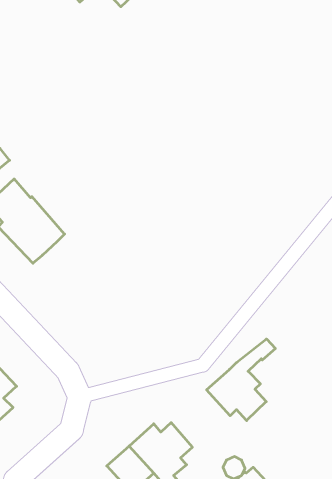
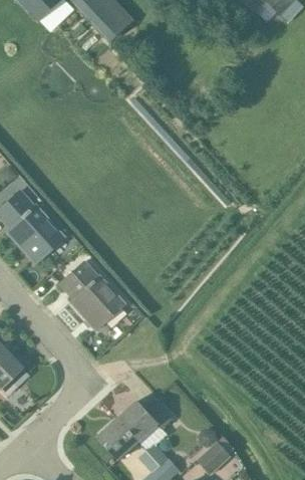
building: none -> [60,261,135,328]
building: [207,339,275,421] -> none

